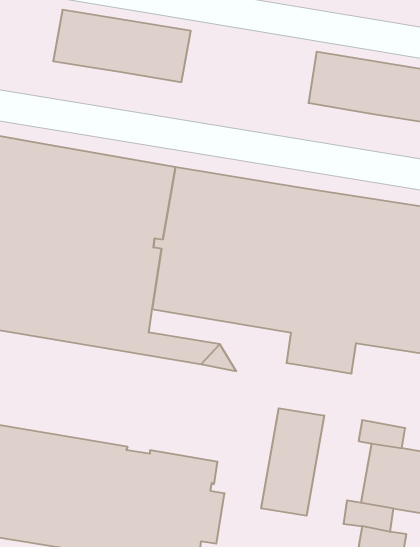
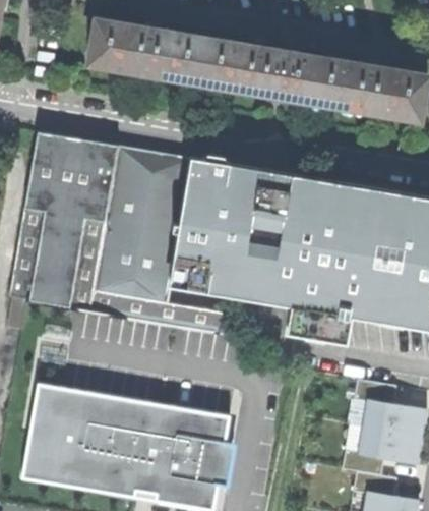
building: none -> [198,40,316,103]
building: [261,408,324,516] -> none

